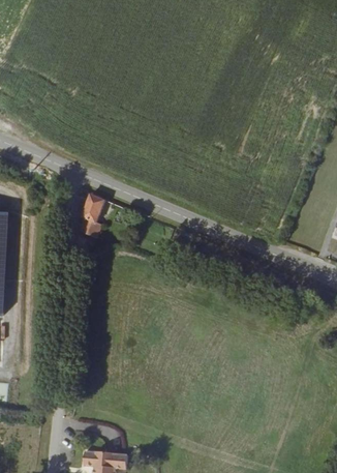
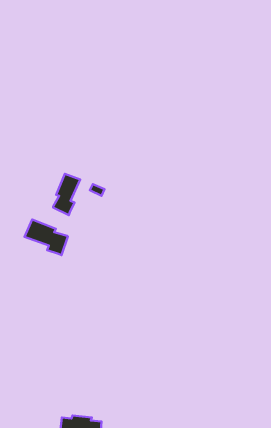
building: none -> [25,219,68,255]

